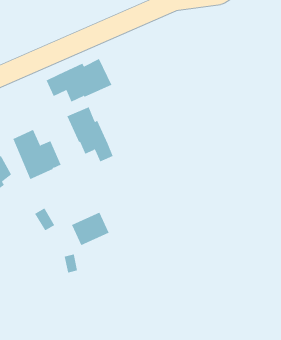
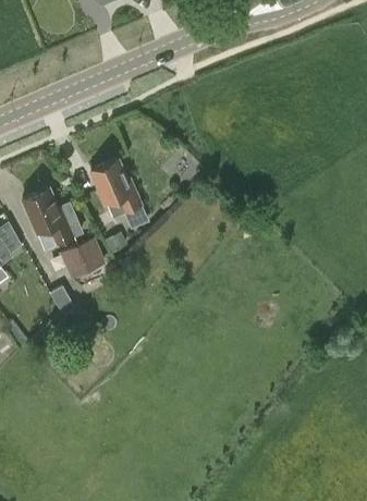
building: [46,58,112,102] -> none
building: [71,212,110,246] -> [59,237,107,280]

